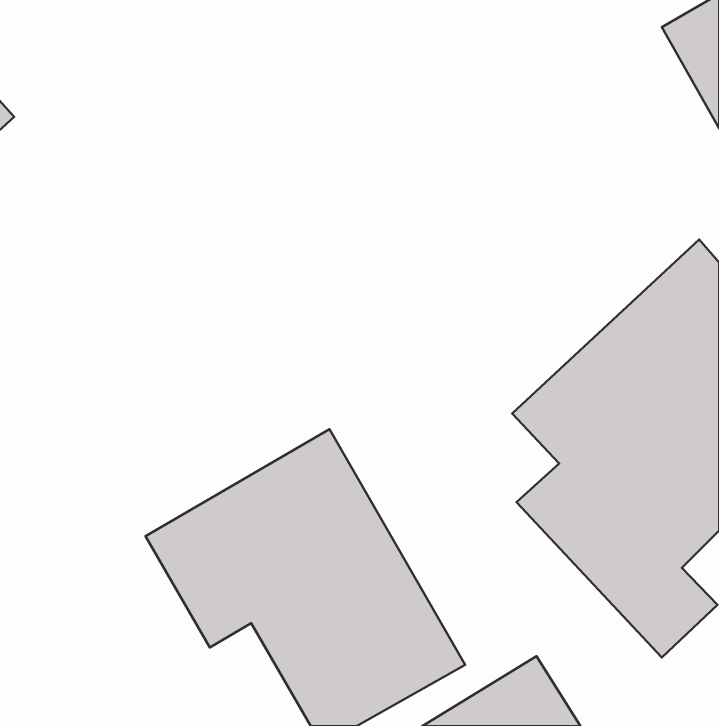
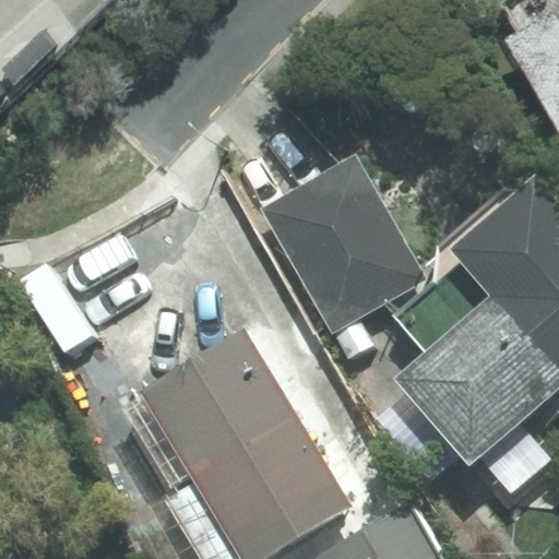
building: none -> [261,155,426,331]

